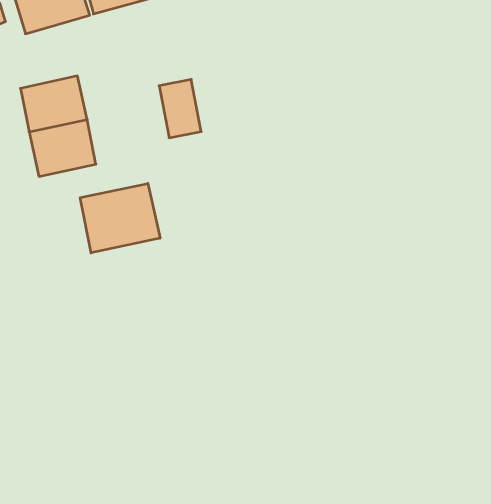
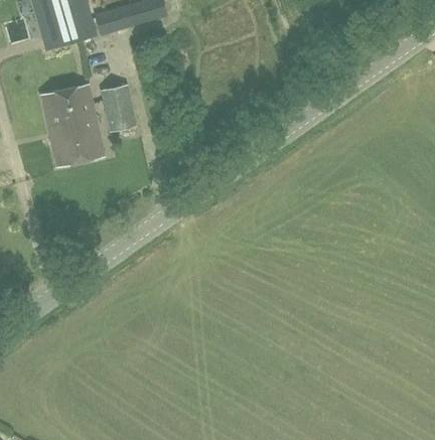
building: [159,79,201,138] -> [101,85,135,132]
building: [80,183,160,253] -> none

